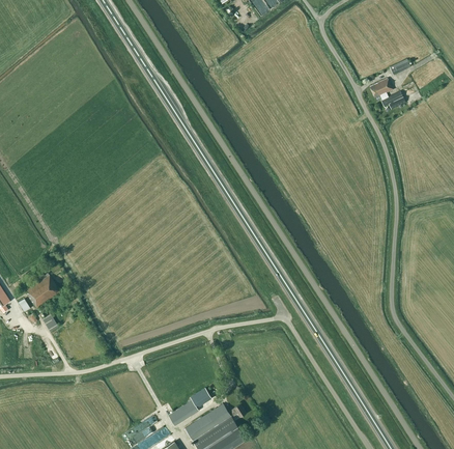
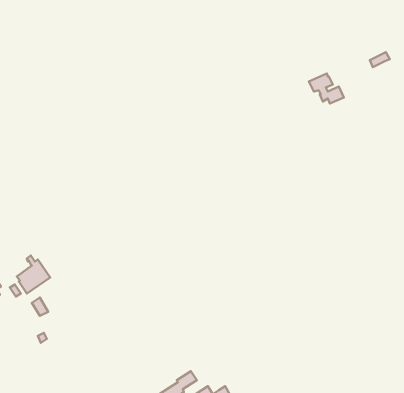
building: [369,78,405,109] -> [309,73,344,104]

